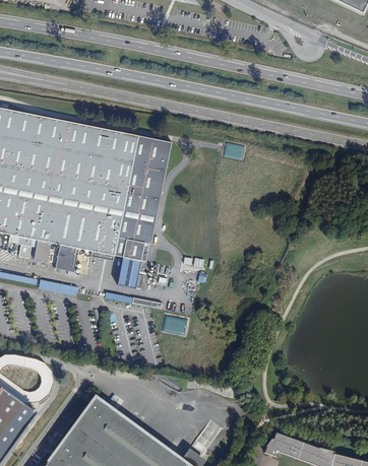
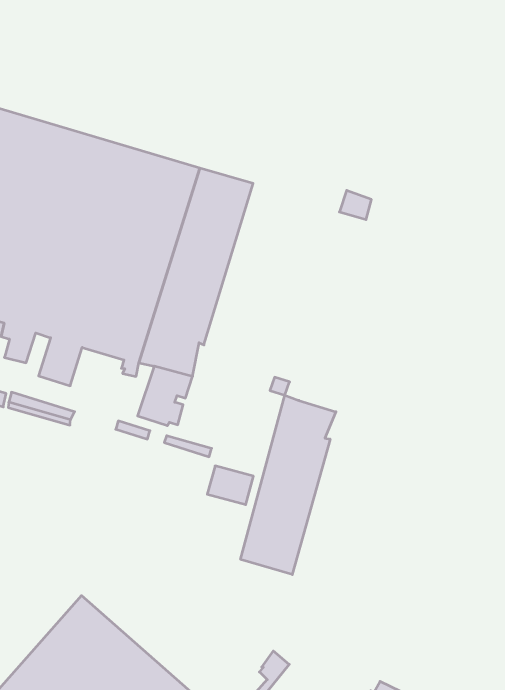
building: none -> [241,395,336,575]

